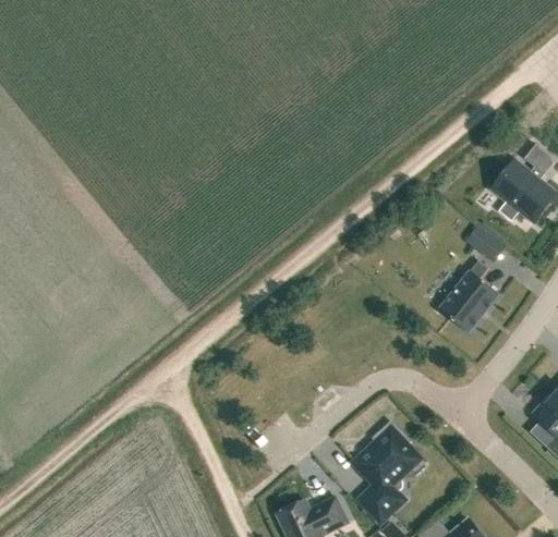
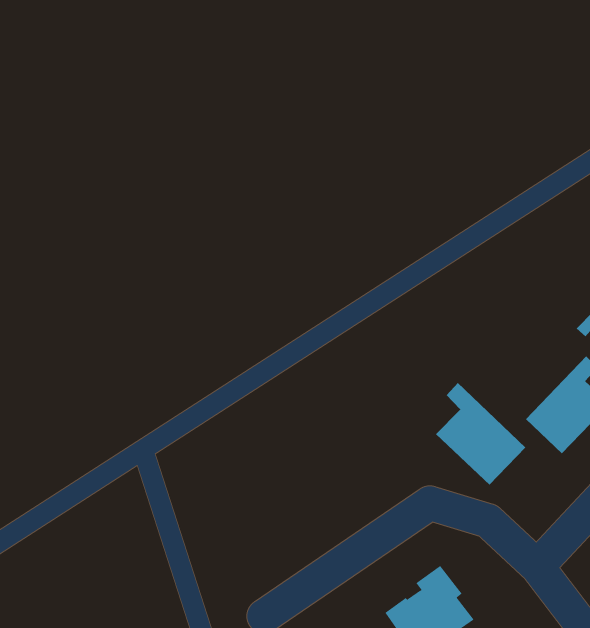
building: none -> [435,382,526,486]

